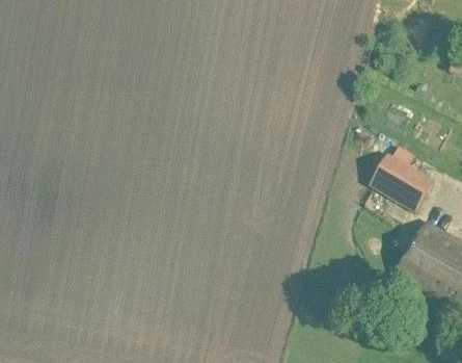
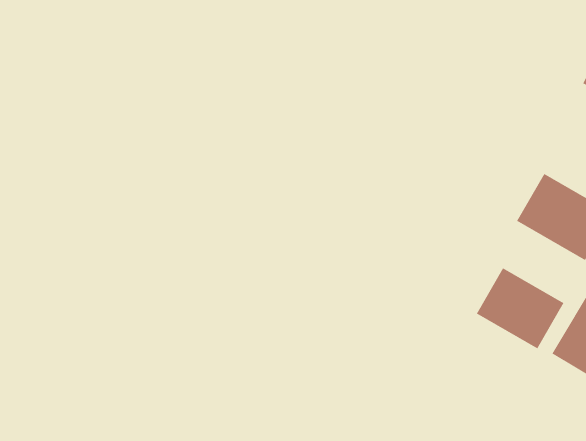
building: none -> [476,267,564,349]

